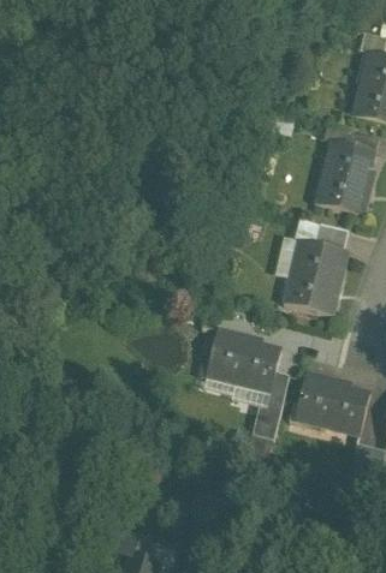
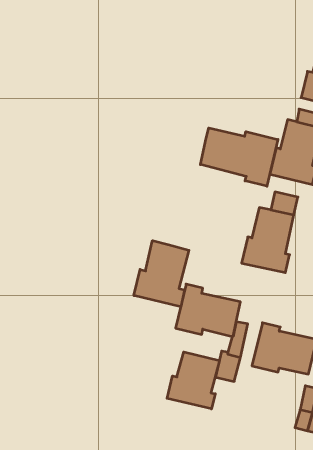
building: none -> [200,128,278,186]
building: none -> [134,241,189,307]
building: none -> [167,352,219,409]

